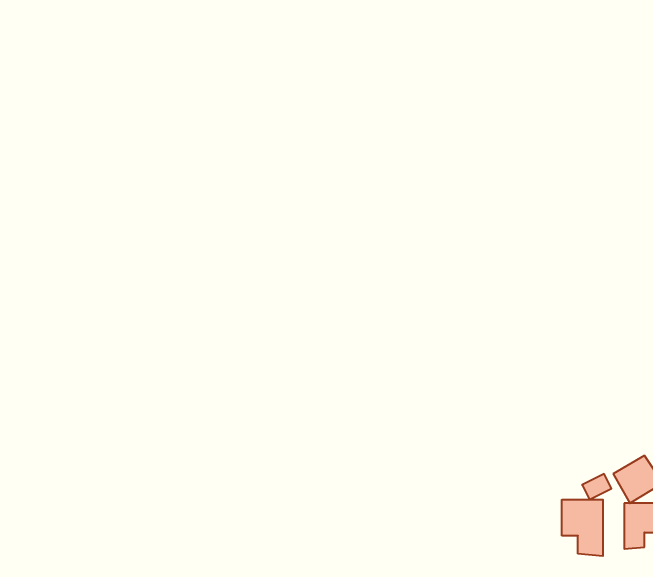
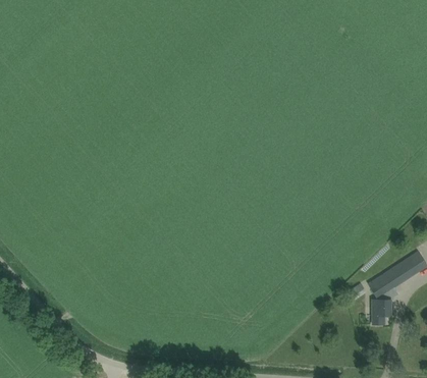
building: [562,500,603,556] -> none

